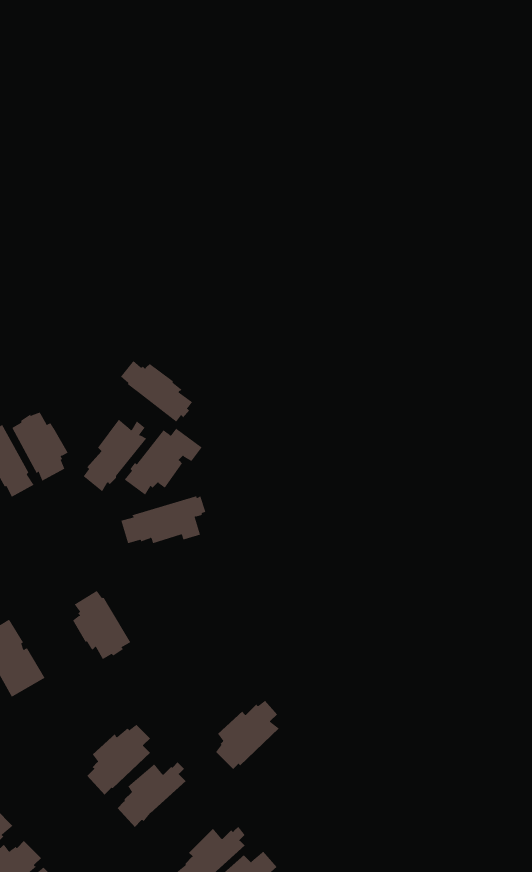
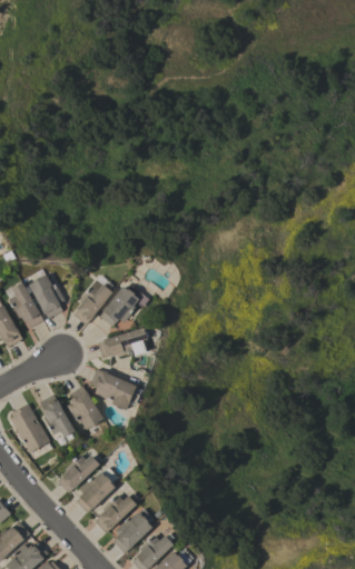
building: [120,360,193,422] -> none
building: none -> [90,368,139,410]
building: none -> [39,393,76,440]
building: none -> [57,453,100,492]
building: [215,700,280,770] -> [114,509,154,552]

